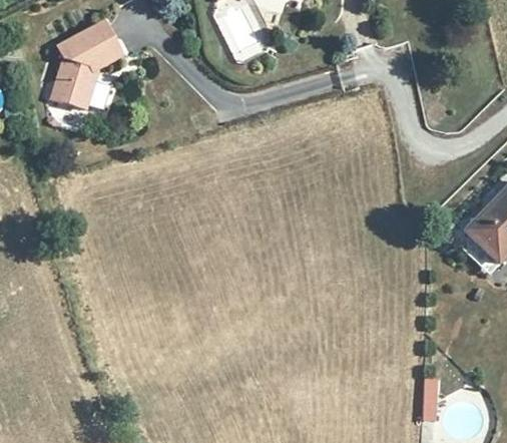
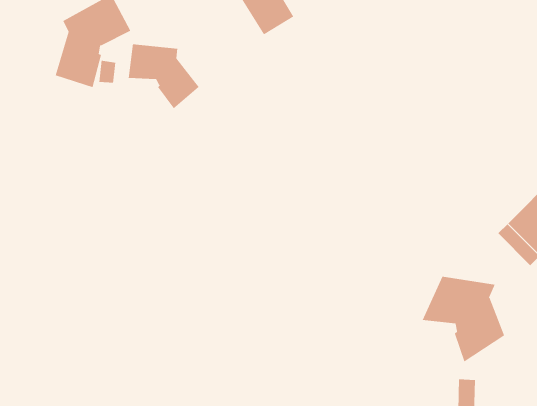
building: none -> [128,43,200,109]
building: none -> [422,276,505,363]

